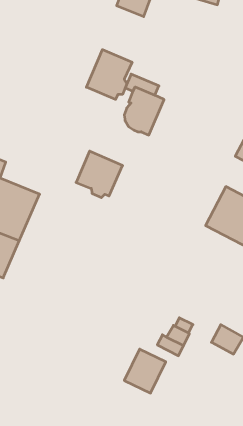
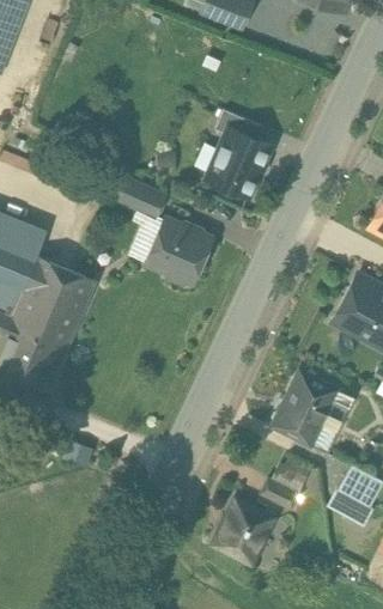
building: [86,50,132,99] -> none
building: none -> [116,179,165,217]
building: none -> [272,370,339,445]
building: none -> [327,489,369,525]

